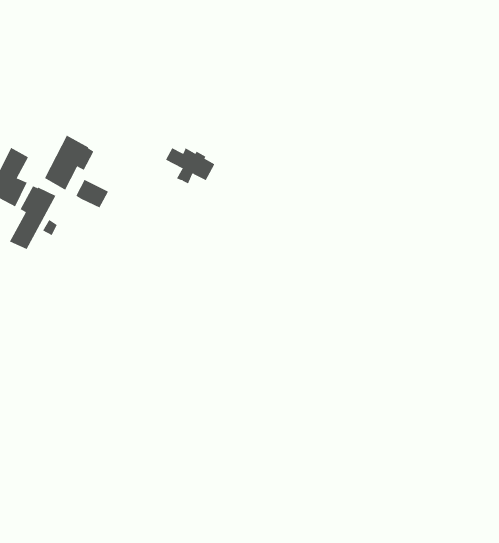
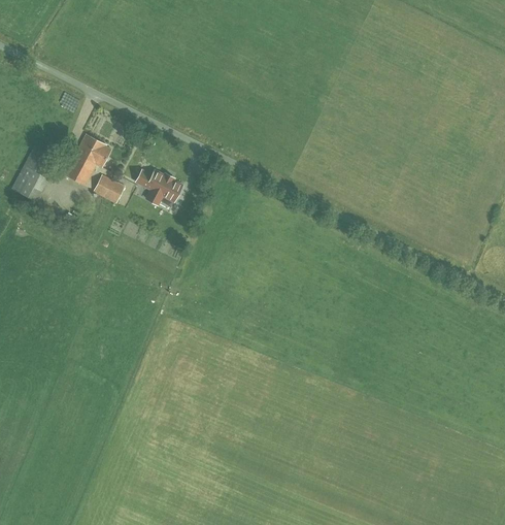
building: [165,147,215,184] -> [135,170,181,204]
building: [9,186,56,250] -> none

